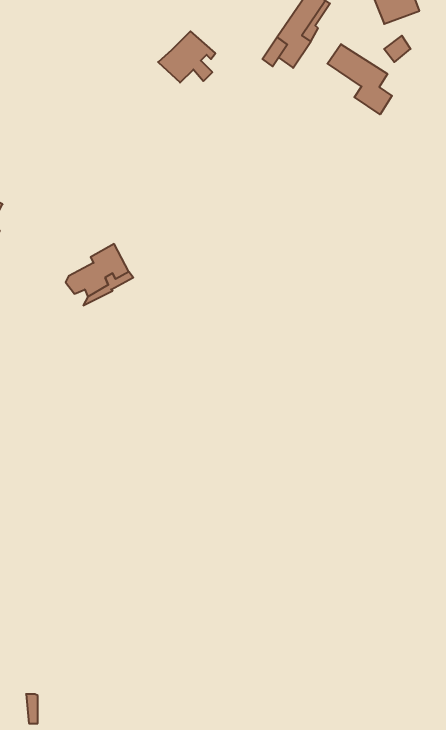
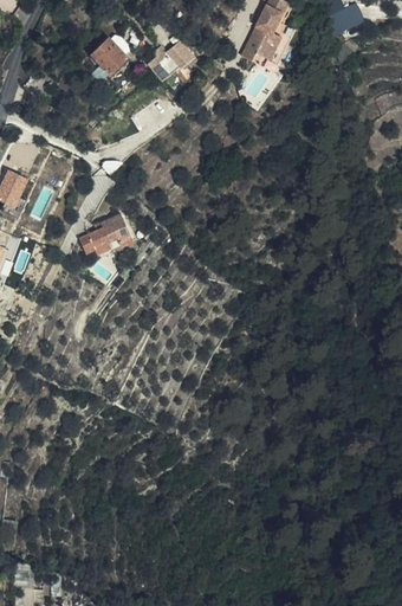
building: none -> [90,28,129,73]
building: [327,44,392,114] -> none

